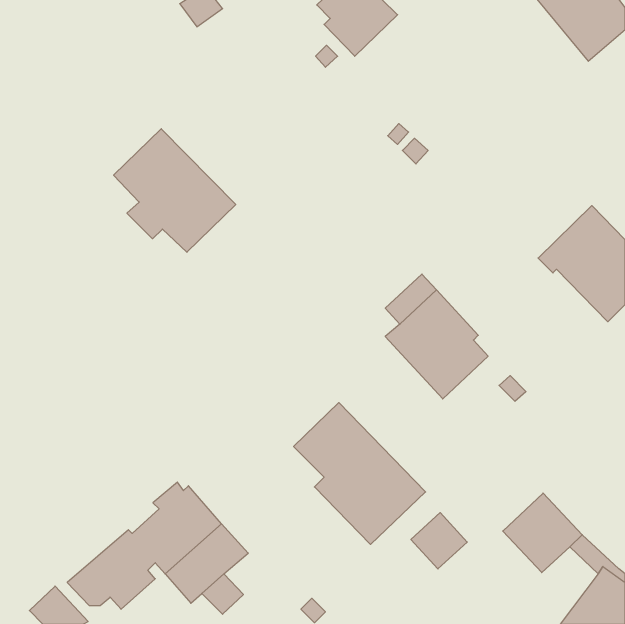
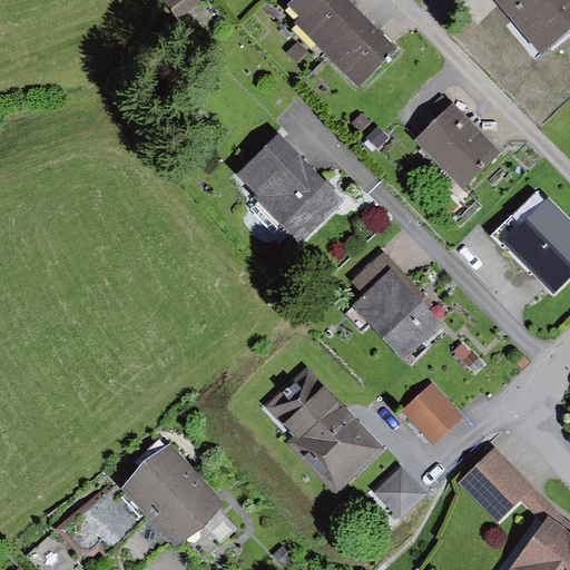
building: none -> [323,13,396,86]
building: none -> [410,102,495,188]
building: [114,129,236,252] -> [236,131,347,244]
building: none -> [400,385,459,444]

